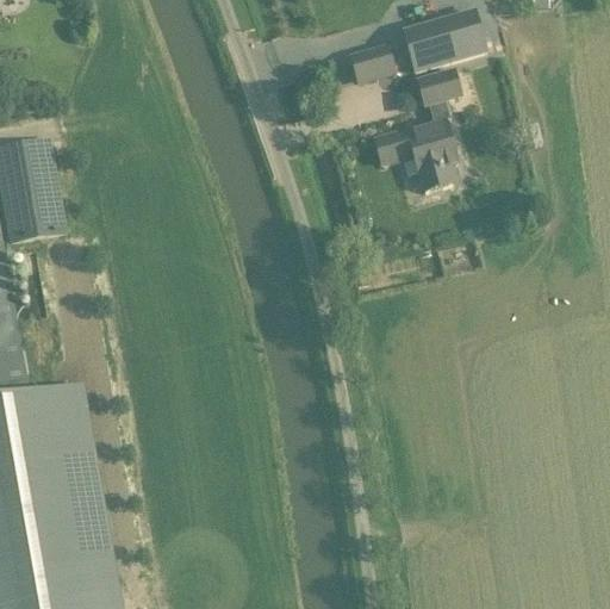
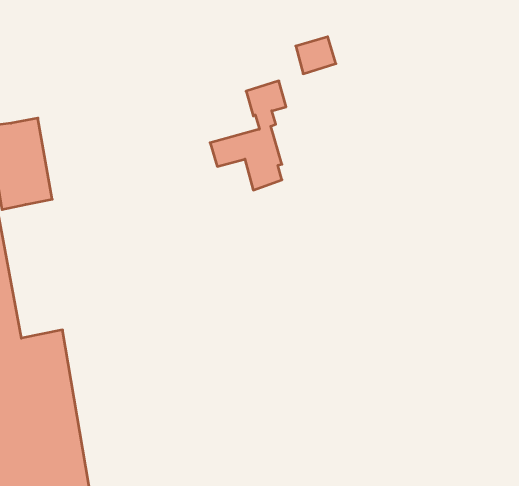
building: [399,7,484,72] -> none
building: [372,67,460,193] -> [210,81,286,190]

